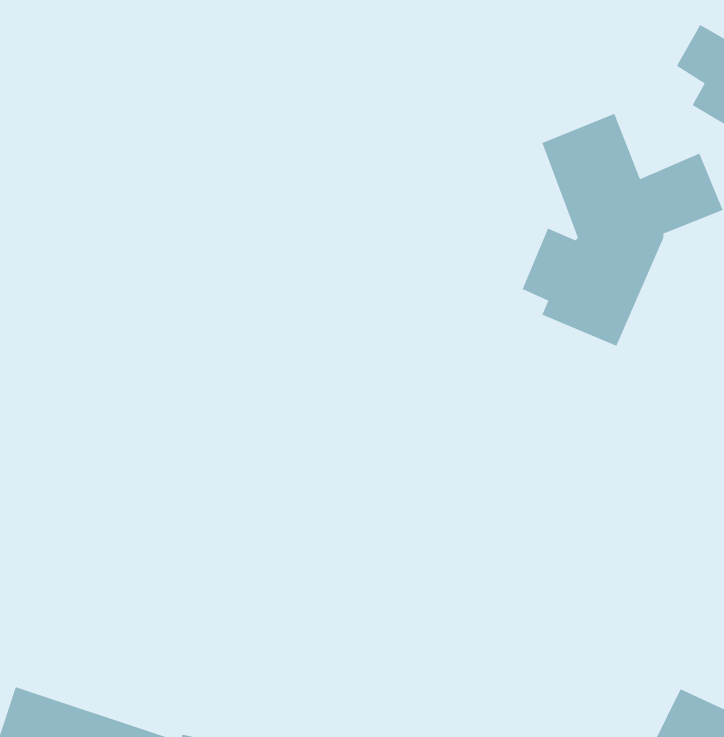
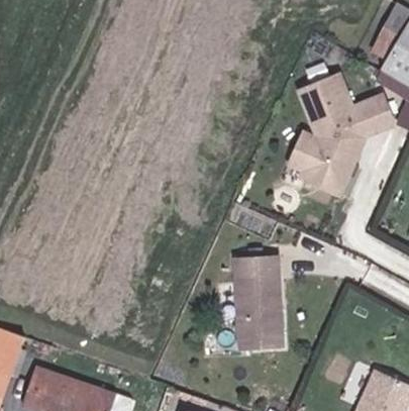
building: none -> [234,255,281,348]

